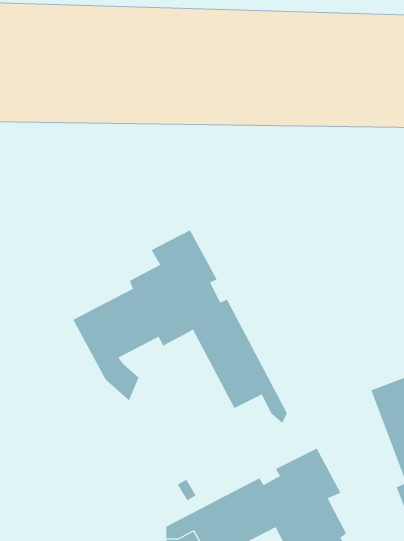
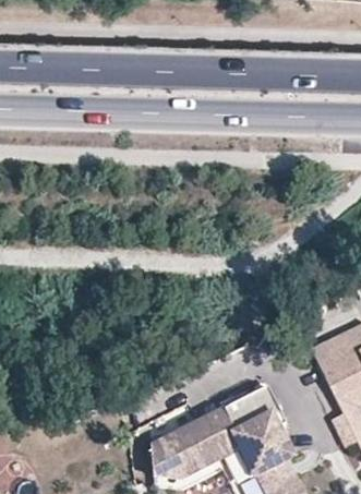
building: [72,230,287,424] -> none

